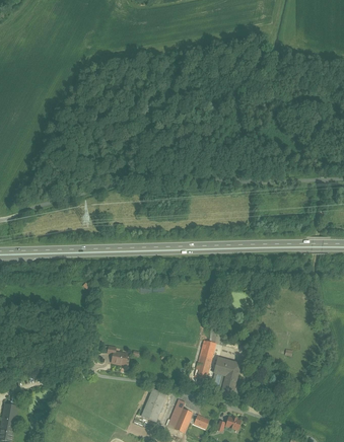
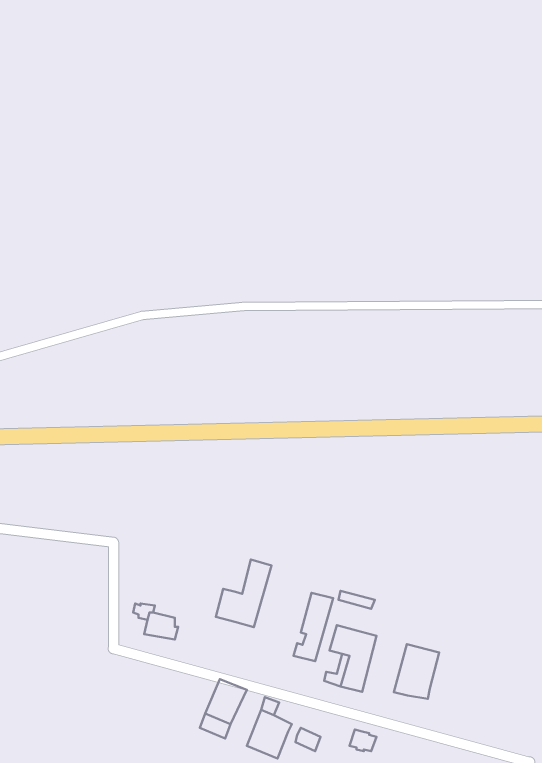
building: none -> [216,560,271,627]
building: none -> [394,644,439,699]

